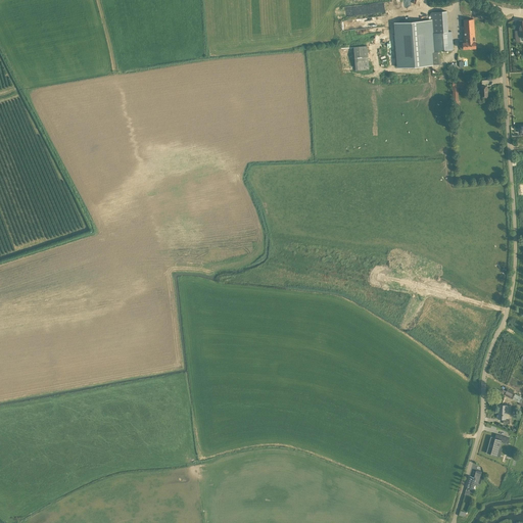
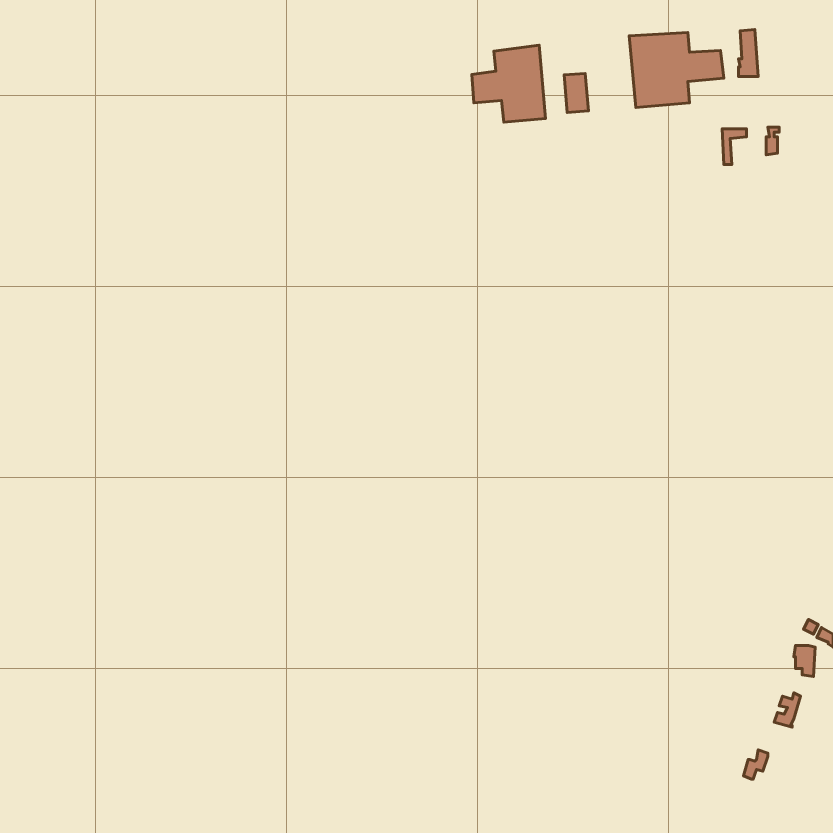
building: none -> [472,45,545,122]

